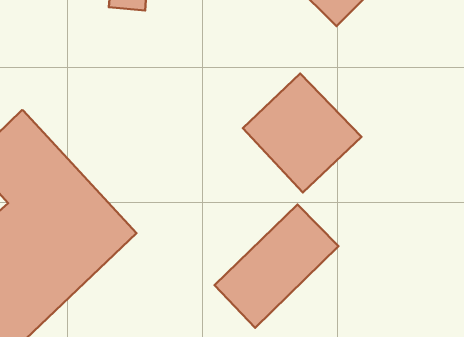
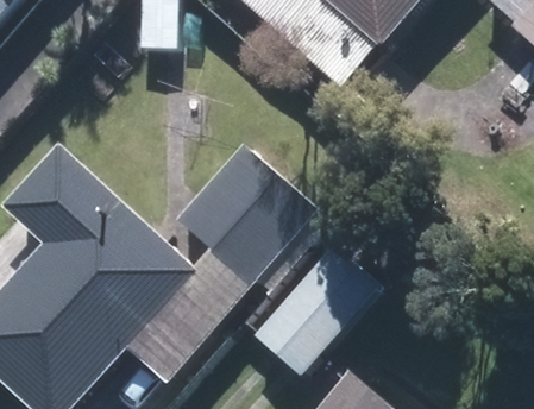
building: [243,73,361,193] -> [182,156,306,279]

